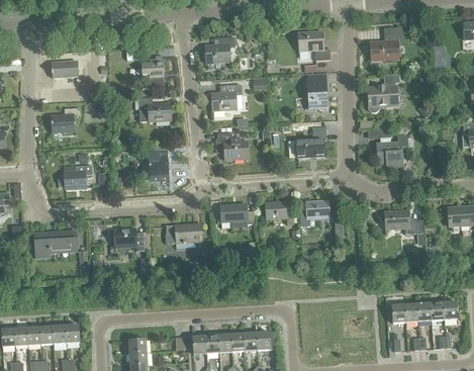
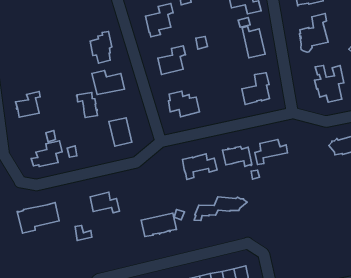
building: [52,60,78,77] -> none
building: none -> [77,93,98,117]
building: [166,222,202,243] -> [141,213,177,236]
building: none -> [194,197,247,220]

